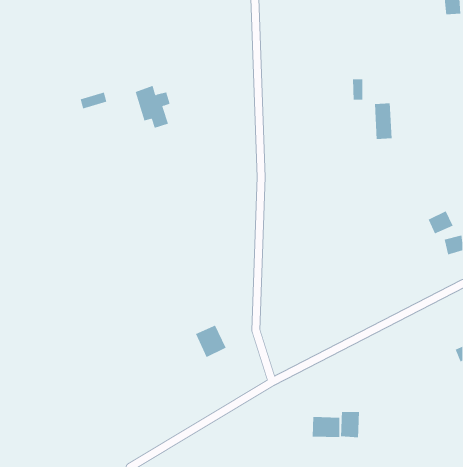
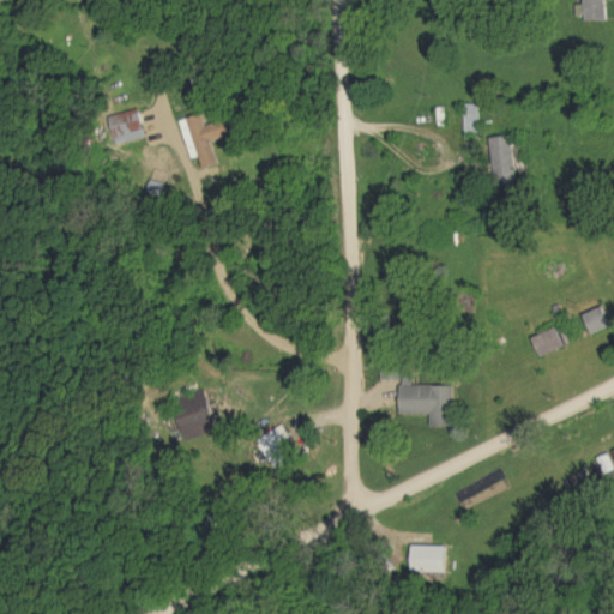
building: [428,210,454,234] -> [531,325,565,356]
building: none -> [397,384,451,426]
building: none -> [173,390,216,434]
building: [341,411,359,438] -> none

